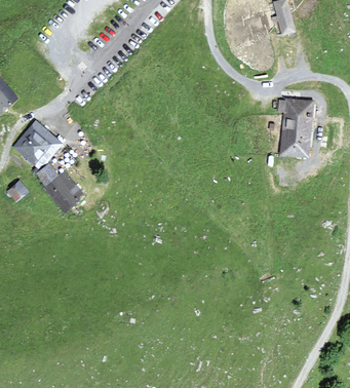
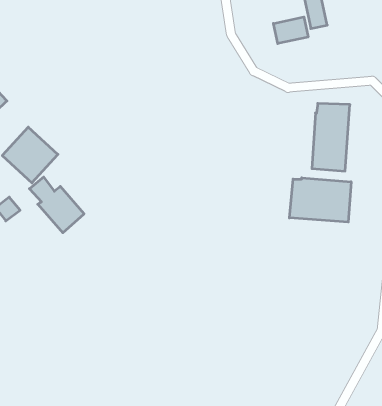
building: none -> [273,17,308,44]
building: none -> [289,178,351,222]

